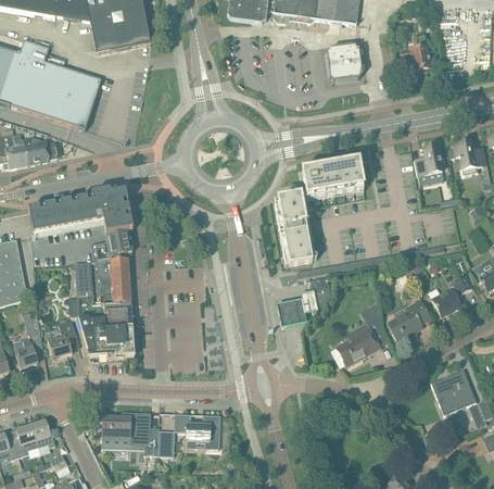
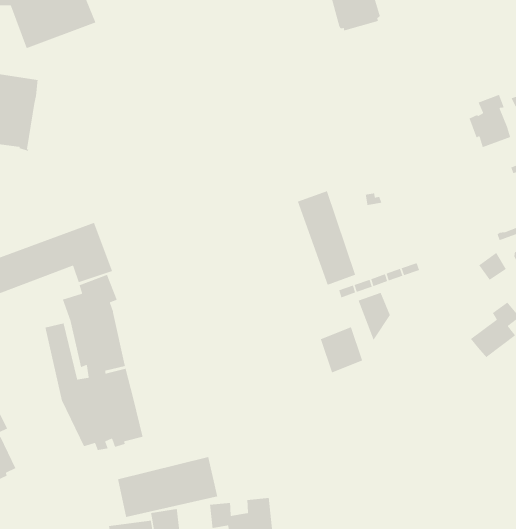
building: [302,161,363,197] -> none
building: [335,315,388,365] -> none
building: [48,321,77,356] -> none
building: none -> [117,456,218,518]

